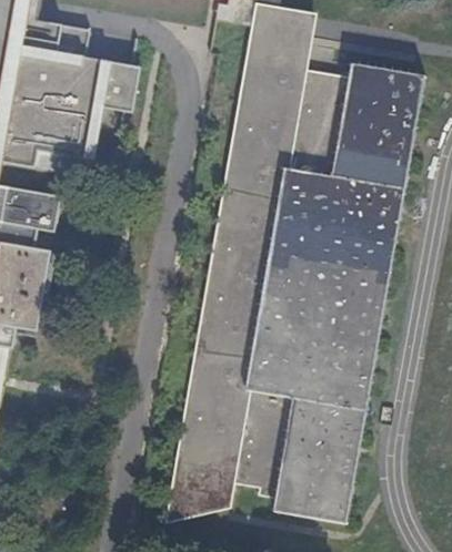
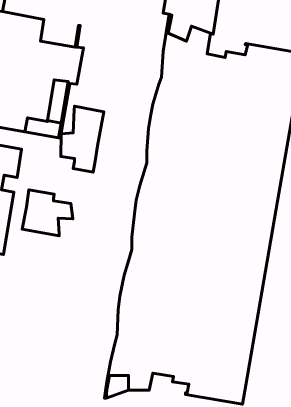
building: none -> [61,106,104,172]
building: none -> [22,190,73,236]

